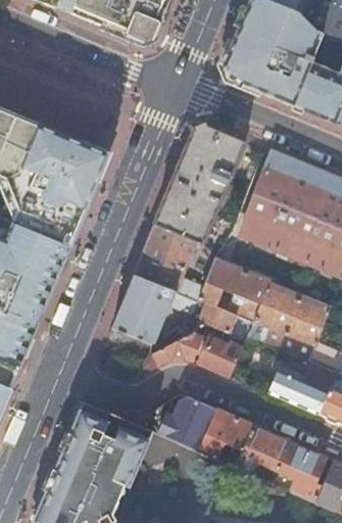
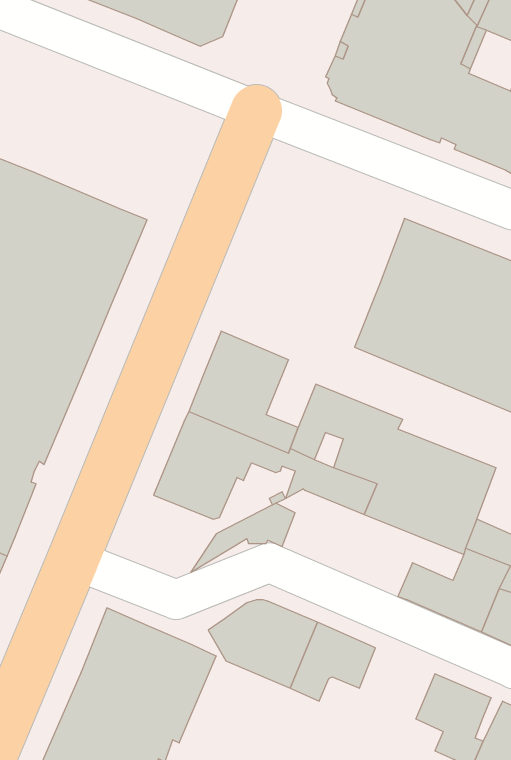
building: [155,126,245,244] -> none
building: [199,337,243,376] -> none
building: [236,425,291,474] -> none

